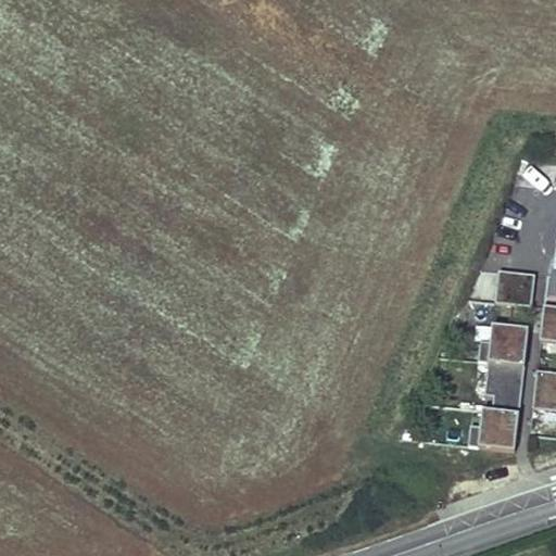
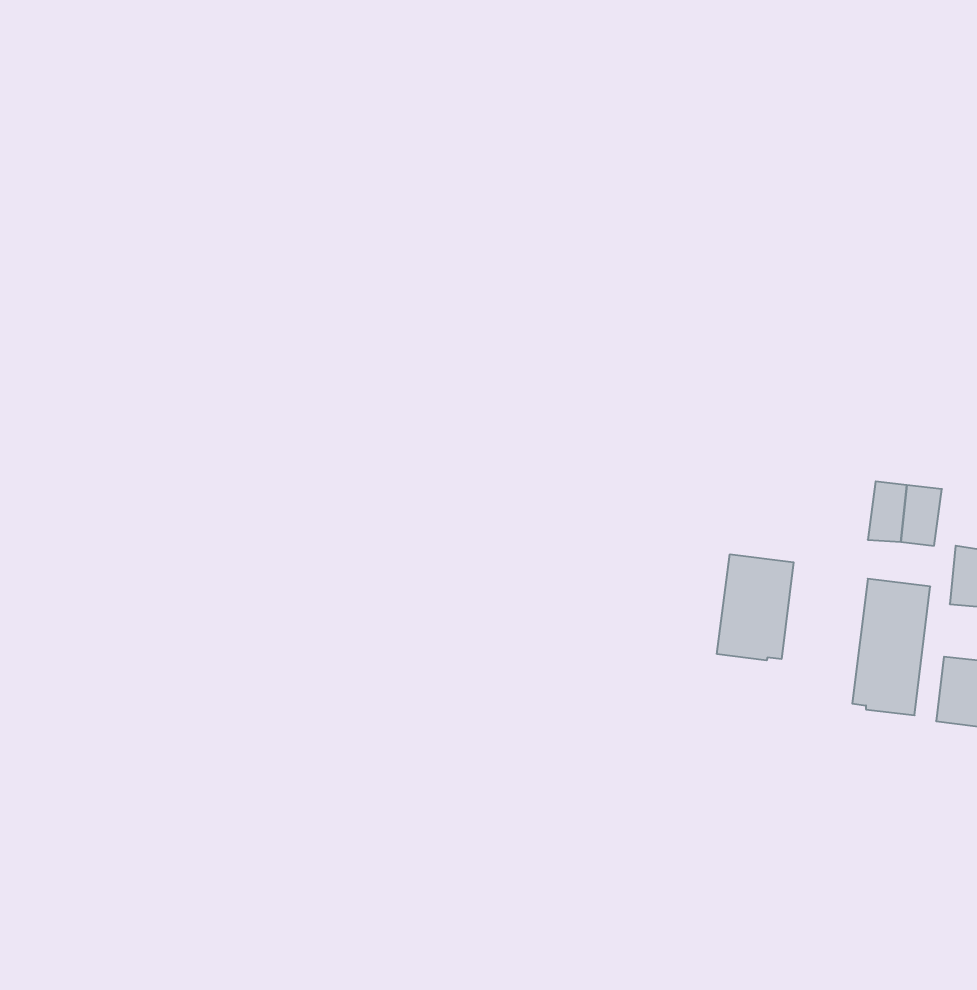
building: none -> [717,554,794,660]
building: [479,395,520,450] -> none

